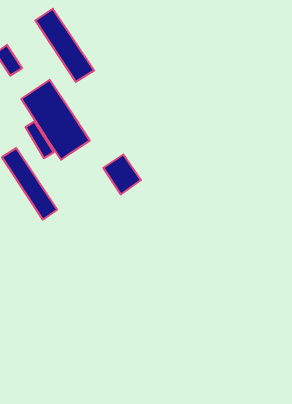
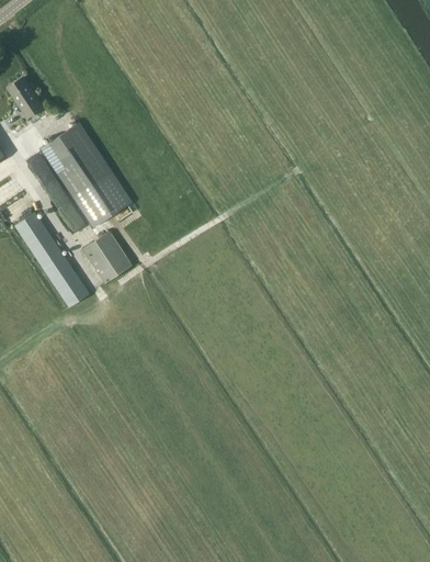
building: [35,9,94,82] -> none
building: [103,154,141,194] -> [82,232,132,284]

